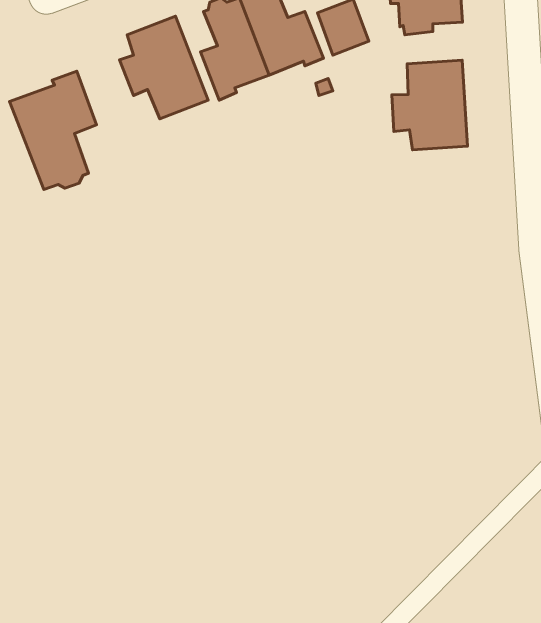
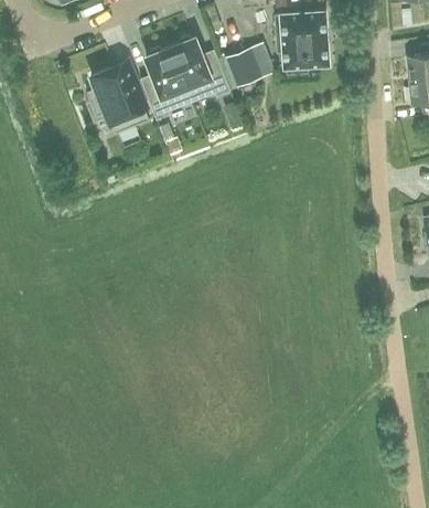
building: [392,60,468,150] -> none
building: [10,71,96,189] -> none

